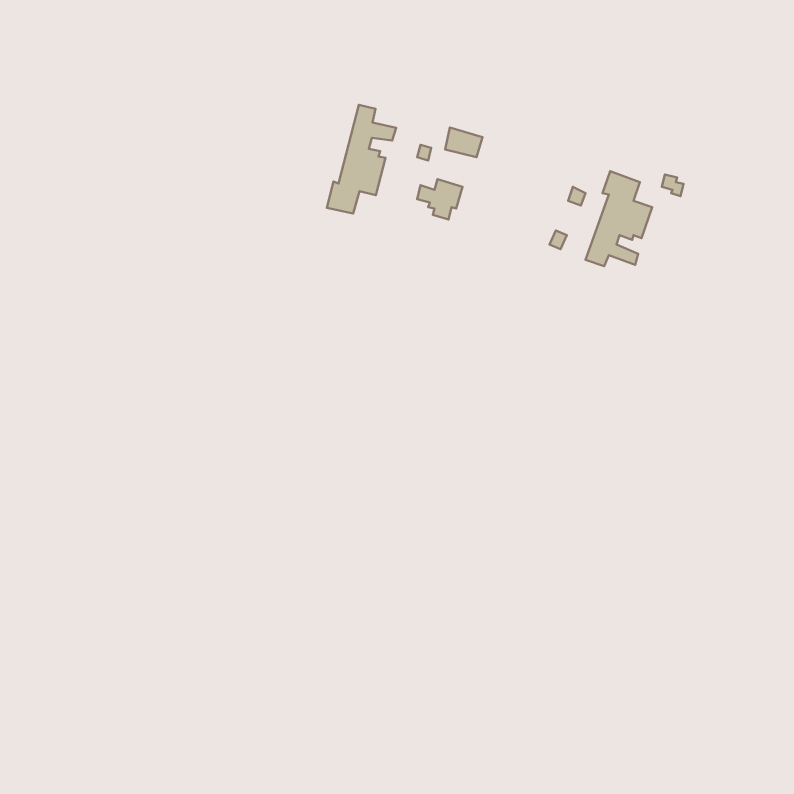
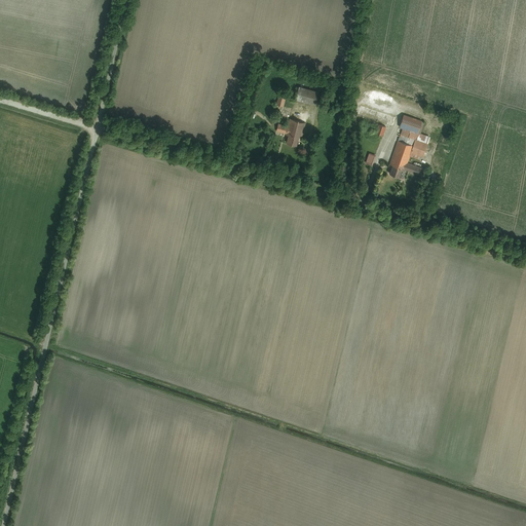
building: [327,105,396,213] -> none

